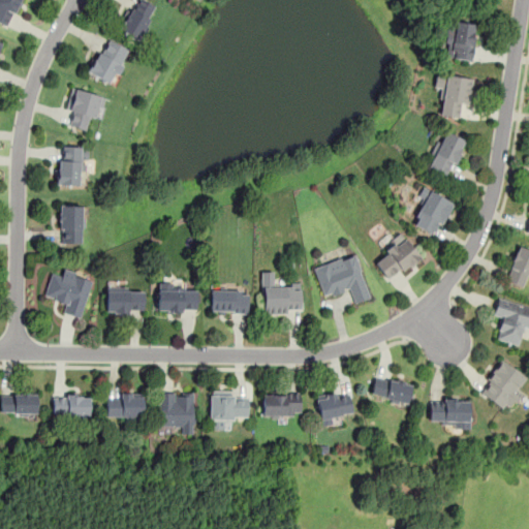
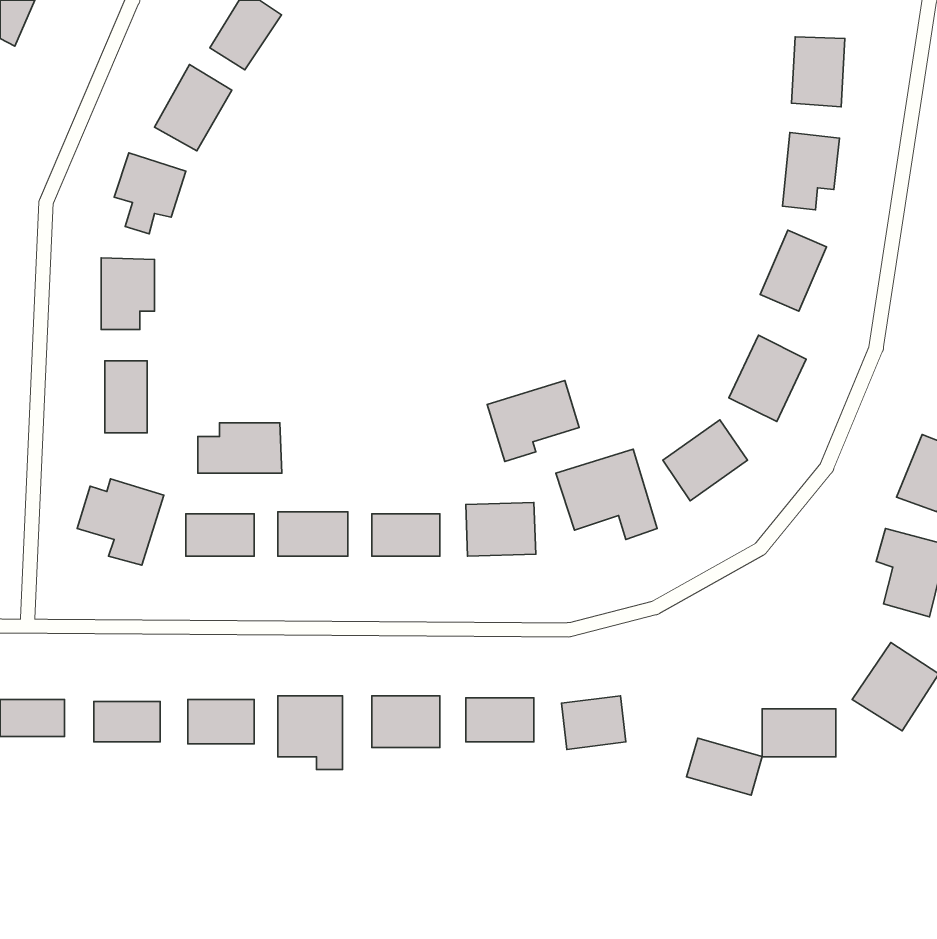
building: none -> [487,380,579,461]
building: none -> [198,423,282,473]
building: [372,373,414,405] -> [687,738,762,795]

